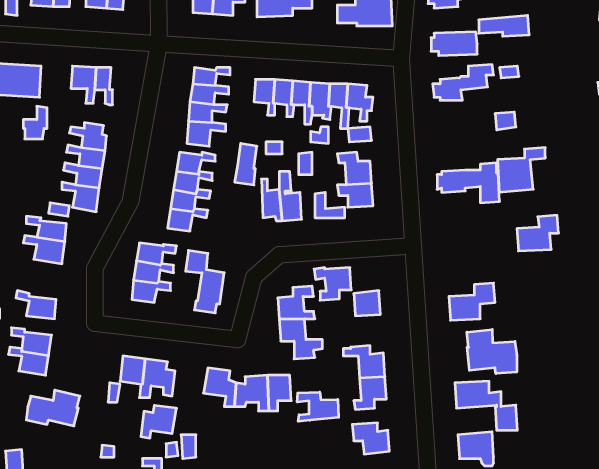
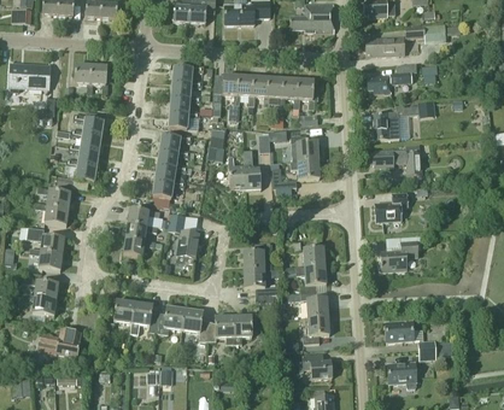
building: [498,148,545,192] -> [373,102,411,139]
building: [517,215,559,251] -> [374,192,408,221]
building: none -> [27,227,64,253]
building: [314,268,351,300] -> [295,265,326,292]
building: [467,329,517,374] -> none
building: [297,392,339,421] -> none
building: [141,405,177,438] -> [156,306,184,333]

